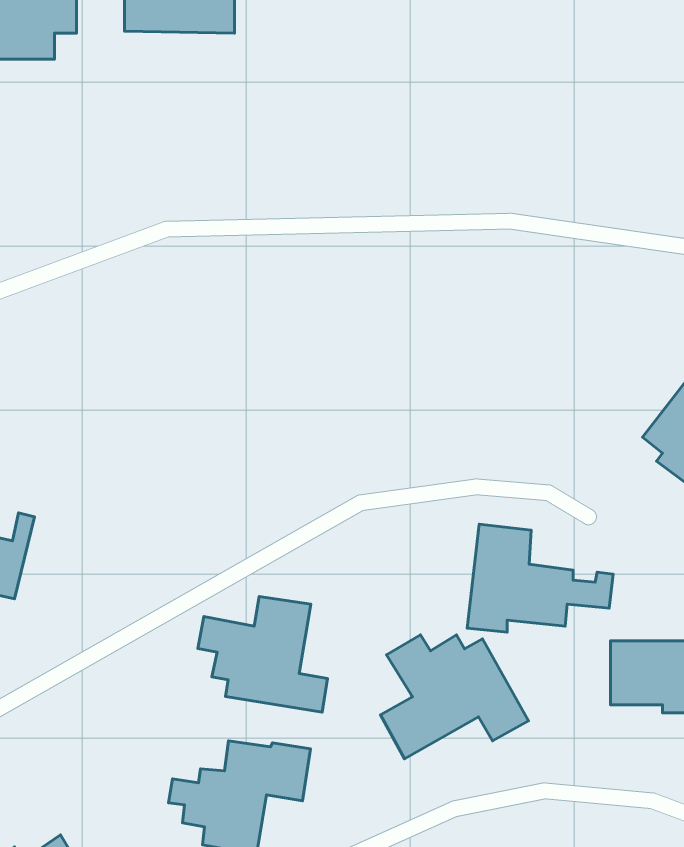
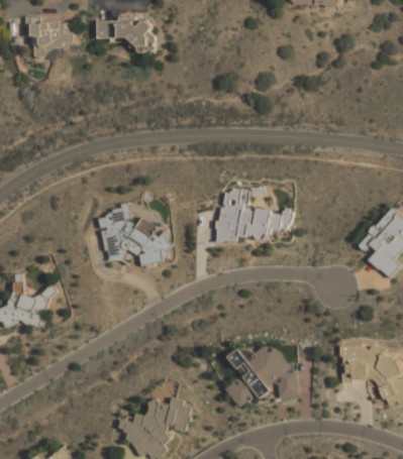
building: none -> [97,203,171,265]
building: [467,524,613,632] -> [216,187,290,241]
building: [198,596,327,712] -> none

